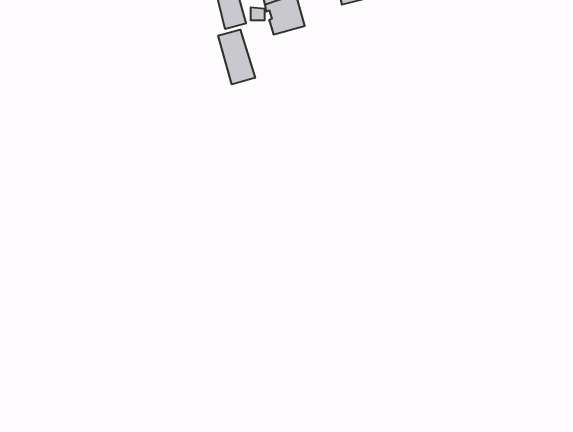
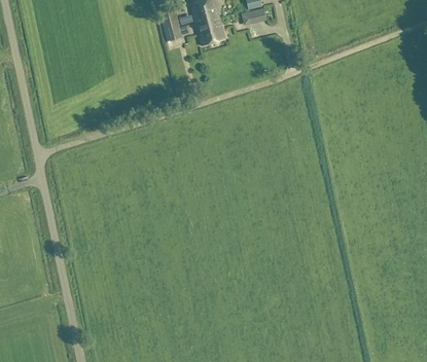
building: [218,30,255,84] -> none

